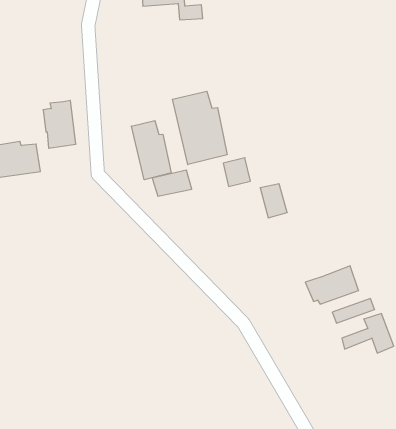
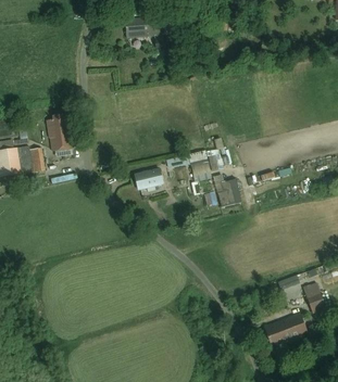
building: [172,91,227,165] -> none
building: [131,121,171,180] -> none
building: [305,266,359,304] -> [264,313,306,343]

